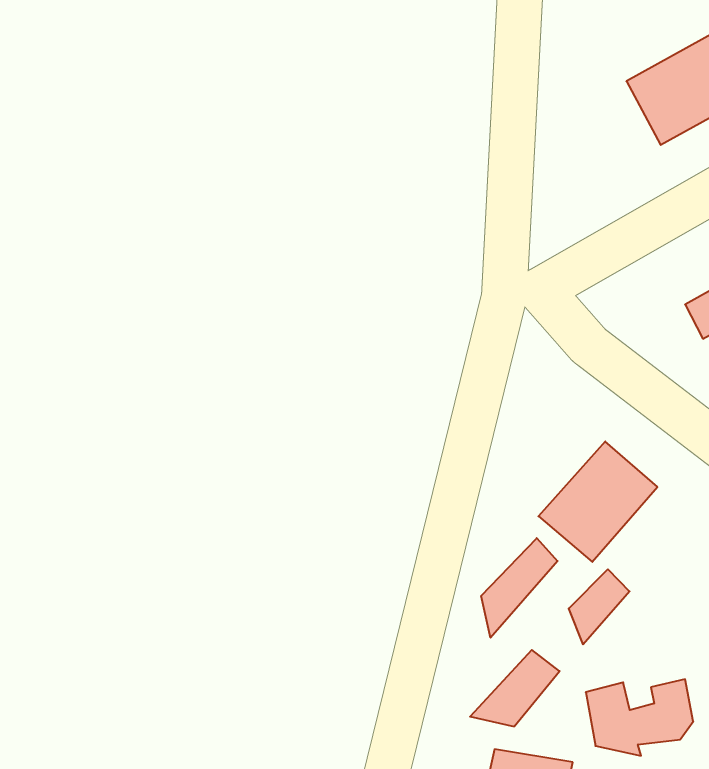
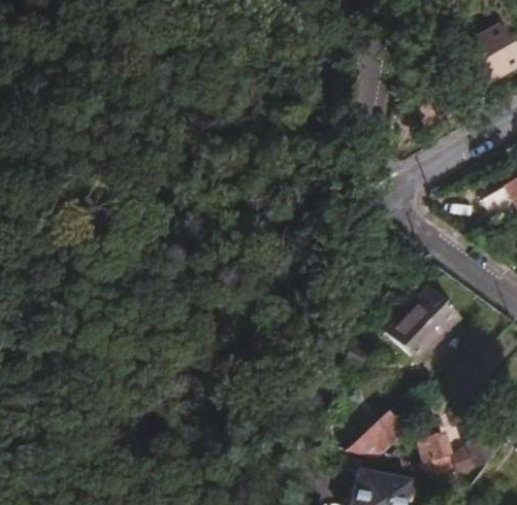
building: [481,538,558,638] -> none
building: [569,569,630,644] -> none

